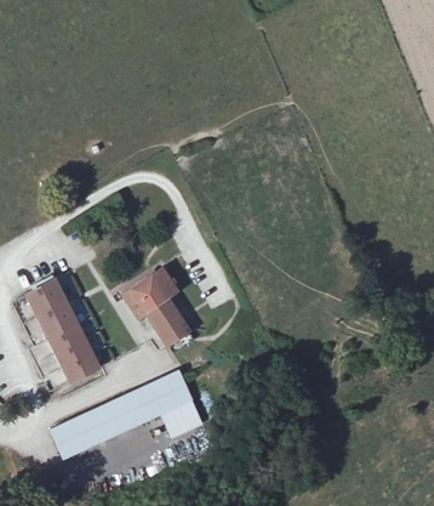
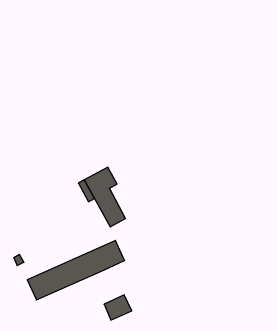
building: [23,277,95,377] -> none
building: [162,400,202,437] -> [104,295,132,320]

